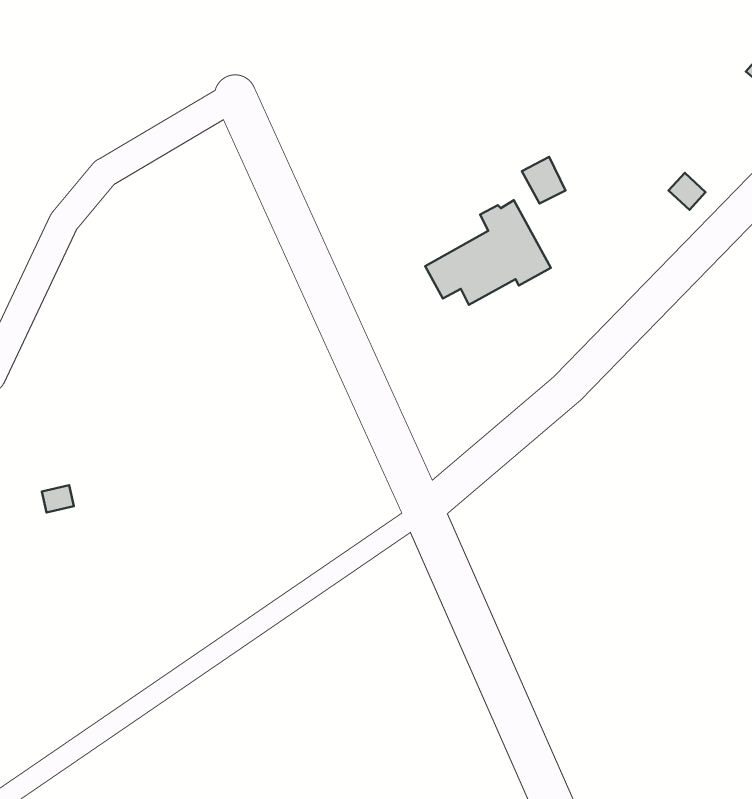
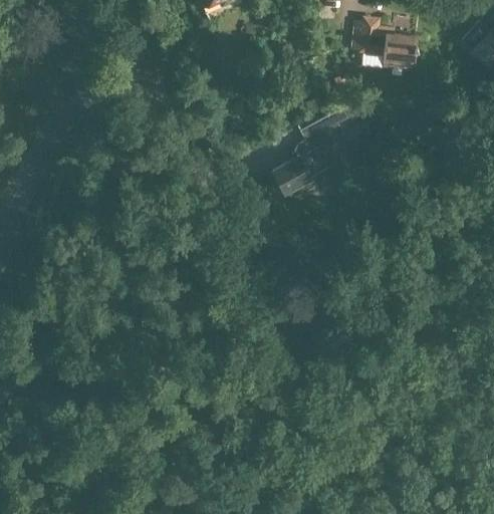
building: none -> [349,20,415,62]

